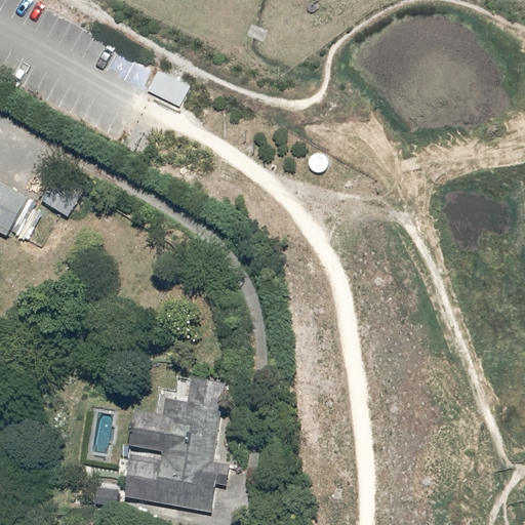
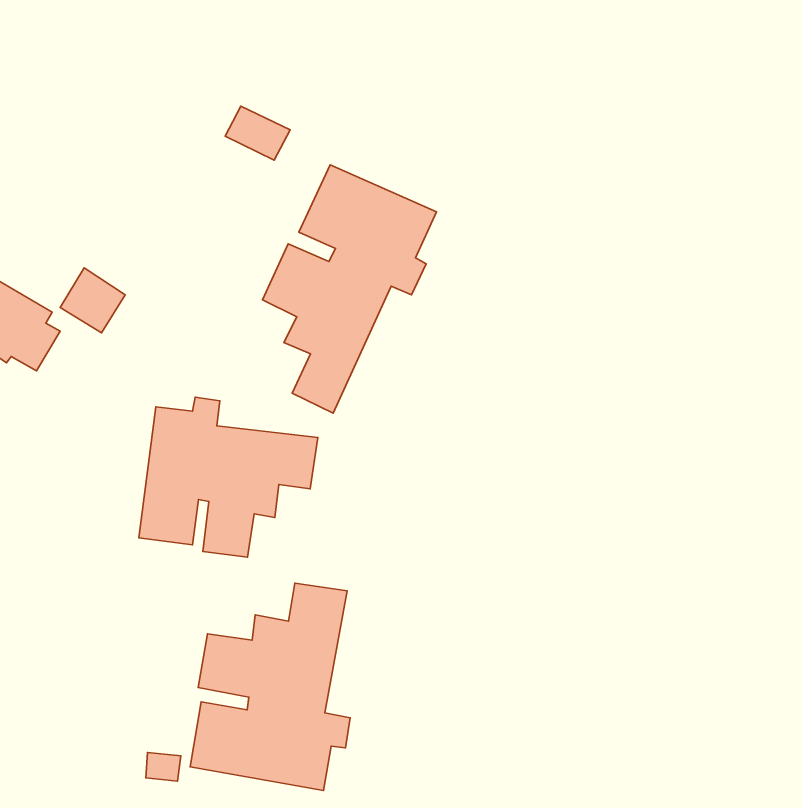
building: none -> [262,165,437,413]
building: none -> [139,397,318,557]

